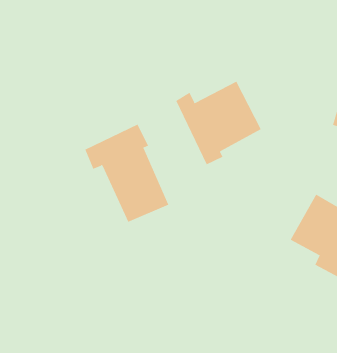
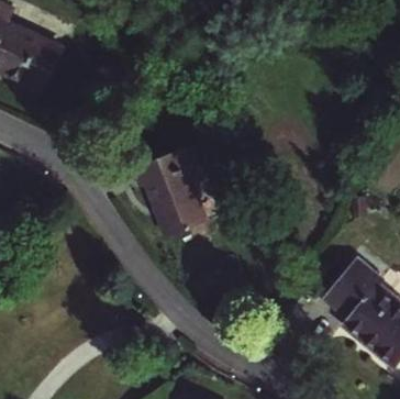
building: [175,81,261,165] -> none

